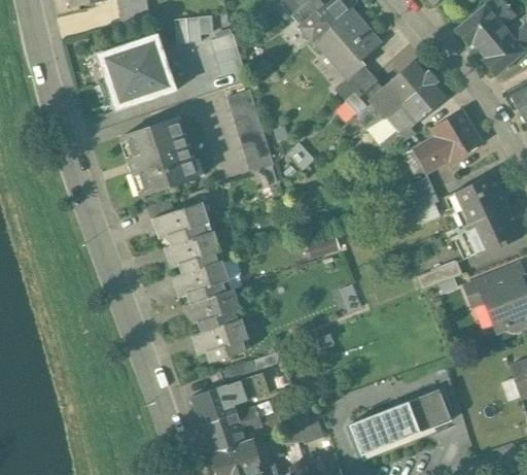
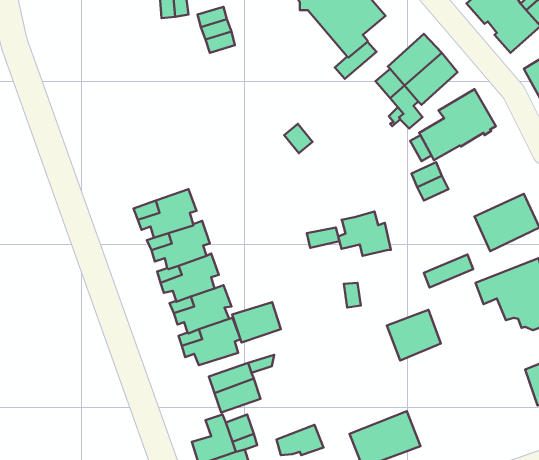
building: [95,33,176,110] -> none
building: [226,88,275,172] -> none
building: [121,115,197,194] -> none
building: [449,173,508,225] -> none
building: none -> [338,211,391,256]
building: none -> [232,302,281,342]
building: [194,386,233,431] -> none
building: [401,388,451,435] -> [387,310,441,360]

